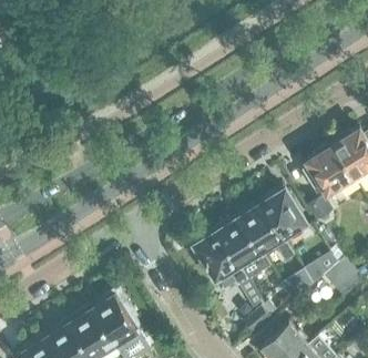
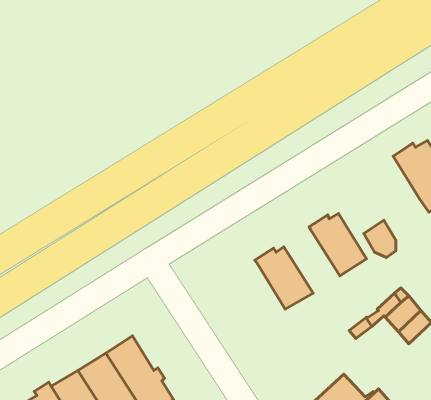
building: [304,142,352,198] -> none
building: [238,203,286,256] -> none
building: [193,232,280,331] -> none

